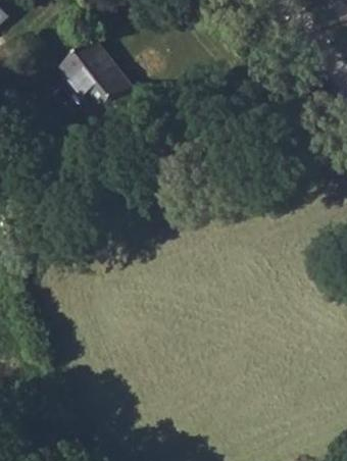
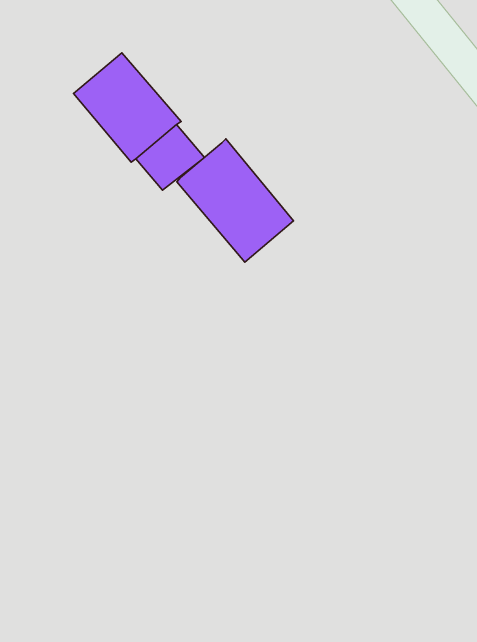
building: none -> [177,139,294,262]

